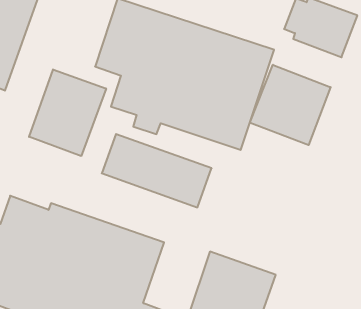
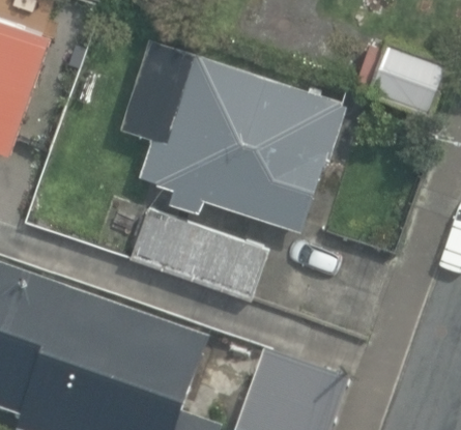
building: [250,65,331,145] -> none
building: [29,69,106,156] -> none

